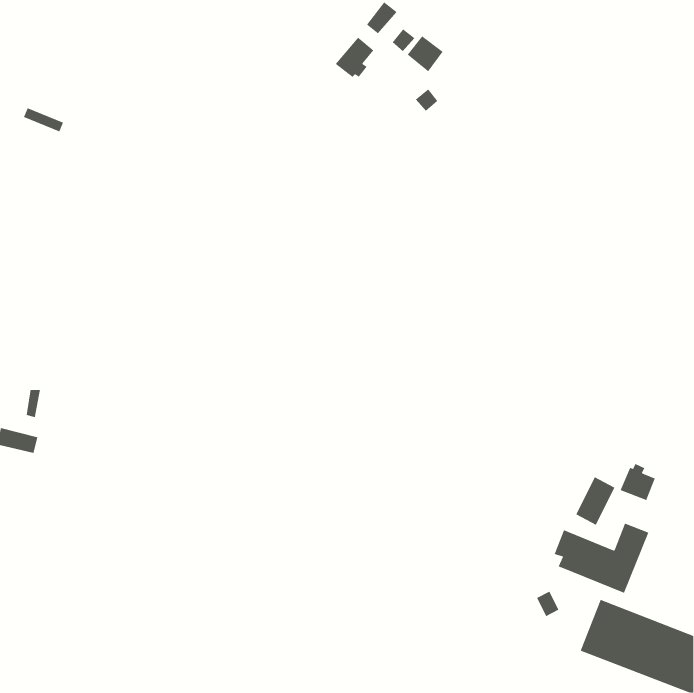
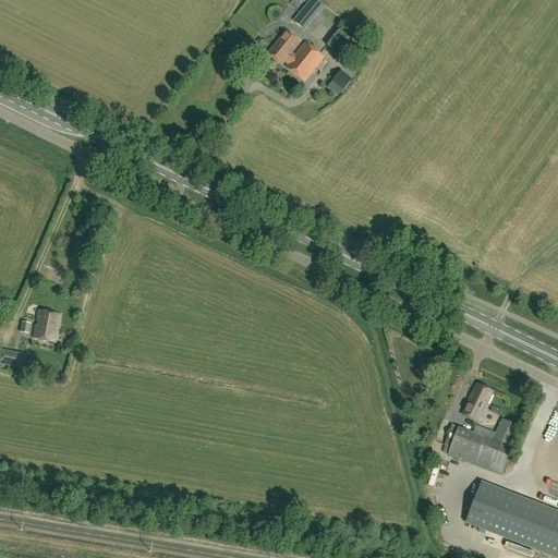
building: none -> [286,41,324,81]
building: none -> [33,308,60,339]
building: [620,463,655,501] -> none

